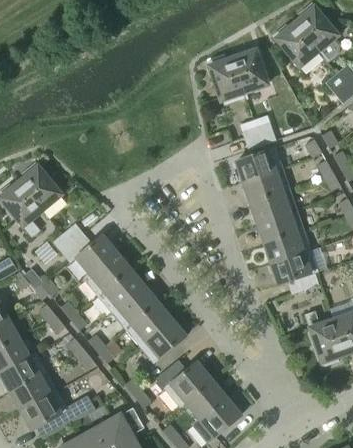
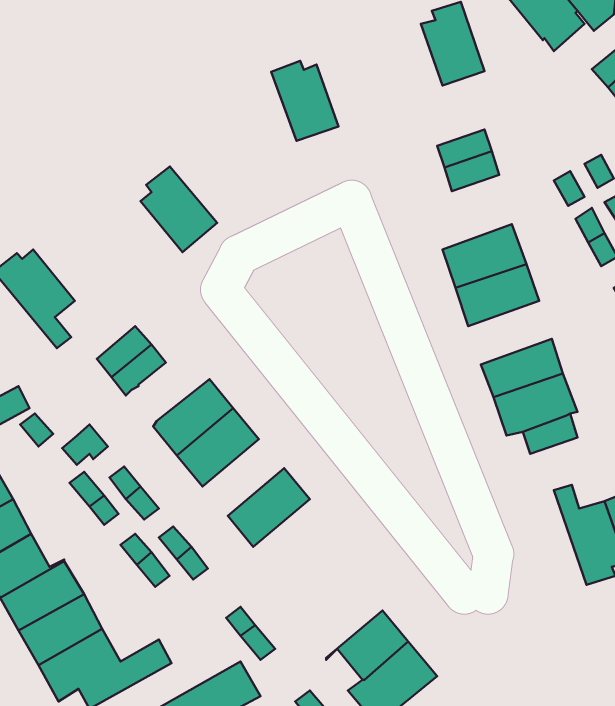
building: [207,56,244,100] -> [271,61,338,141]
building: [236,147,282,182] -> none
building: [19,163,61,210] -> [141,166,217,252]
building: [258,210,304,245] -> none
building: [73,236,116,276] -> none
building: [112,286,157,328] -> none
building: [140,319,185,362] -> none
building: [156,360,211,406] -> none

